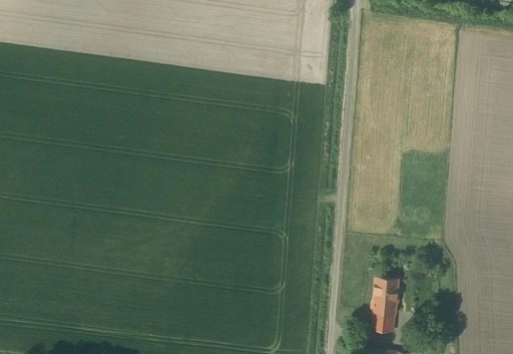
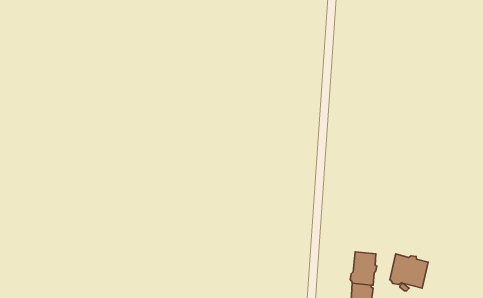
building: none -> [390,254,428,288]

